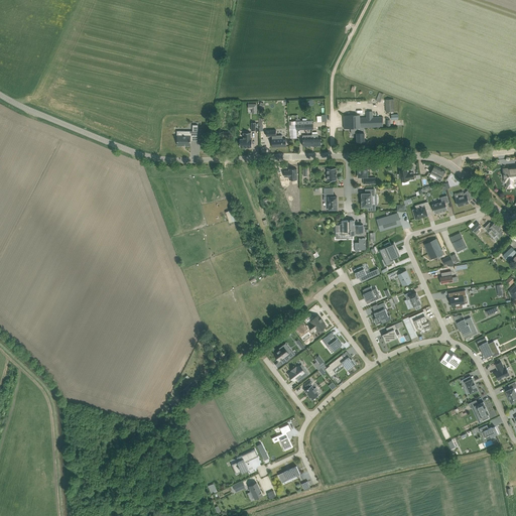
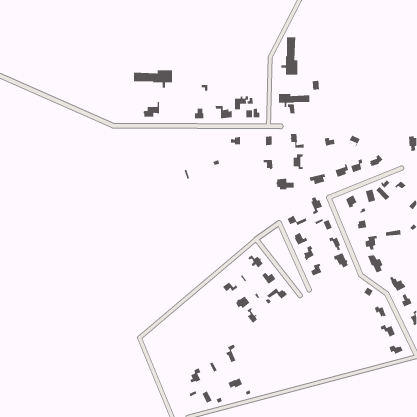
building: none -> [280,37,298,75]
building: none -> [133,70,173,88]

